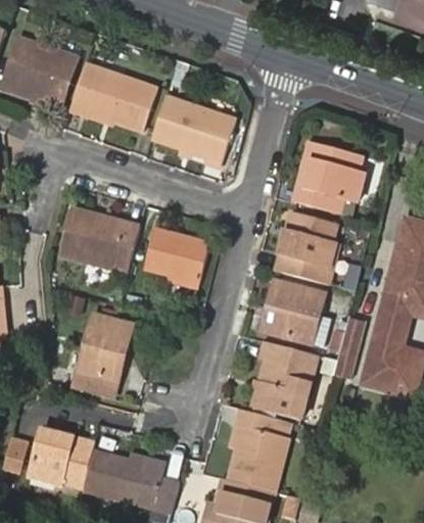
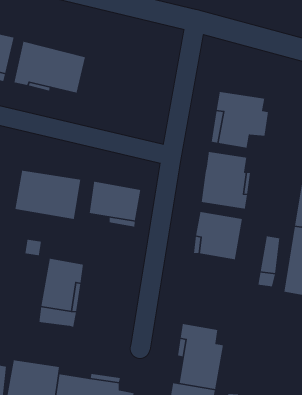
building: [150,93,232,158] -> none
building: [252,339,317,417] -> none

